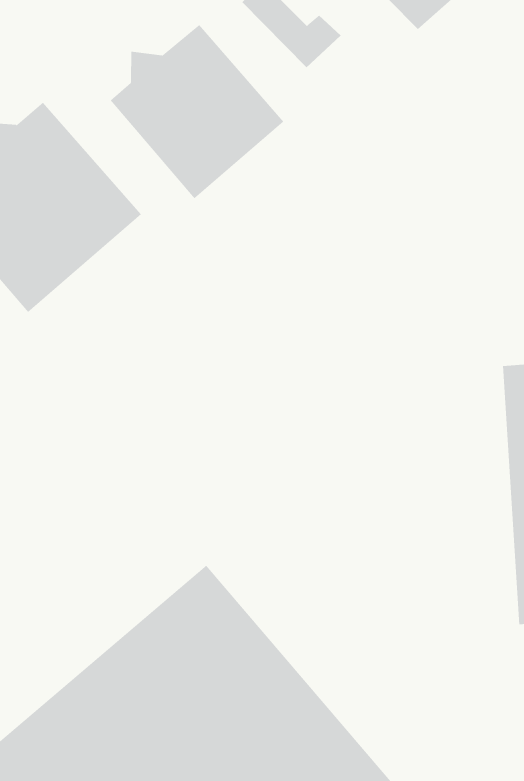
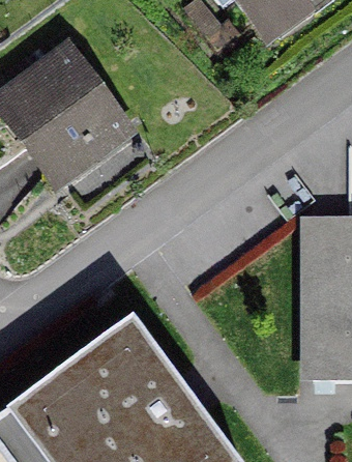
building: [110,24,284,199] -> none

